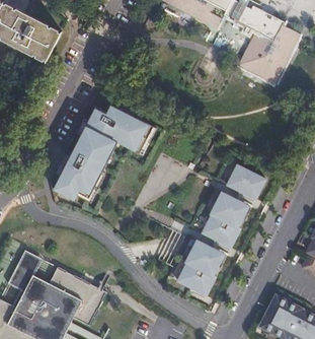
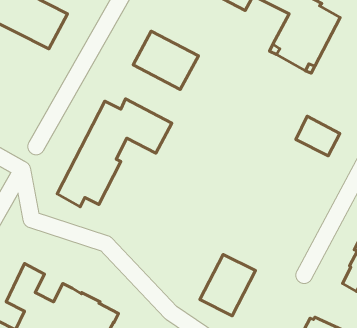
building: none -> [133,31,198,90]
building: [226,163,264,198] -> [296,116,340,156]
building: [201,193,250,247] -> none

